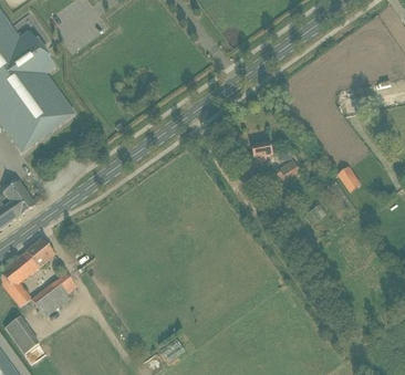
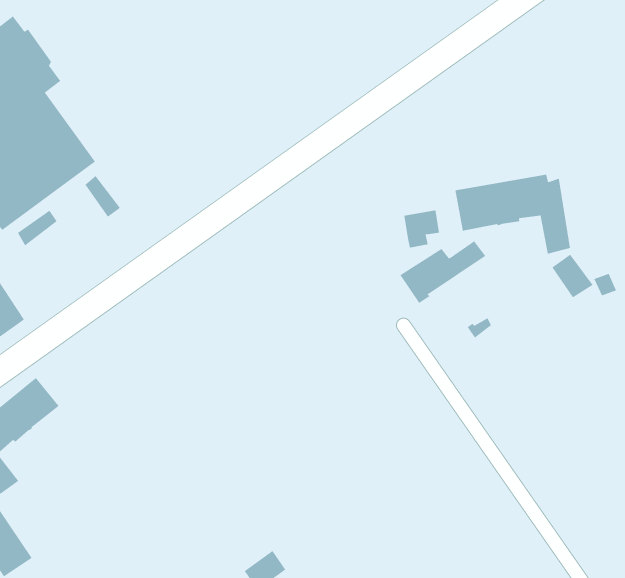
building: none -> [455,174,571,255]
building: [32,271,76,315] -> none

